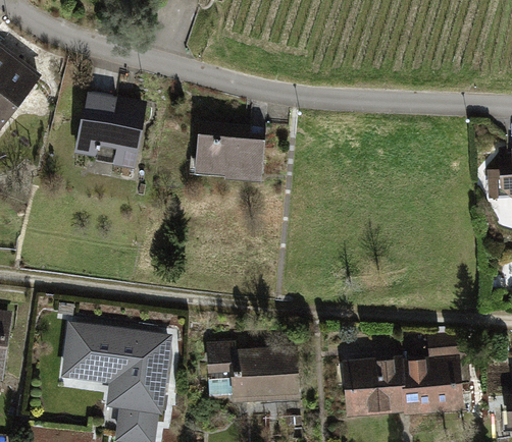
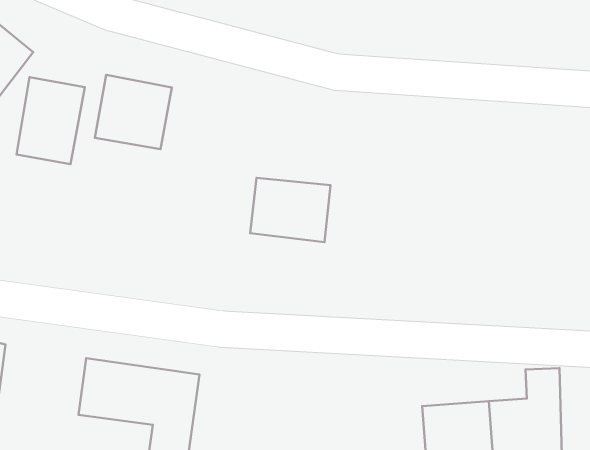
building: none -> [16,77,85,164]
building: [198,126,263,178] -> [250,178,331,242]
building: [210,347,296,399] -> none

